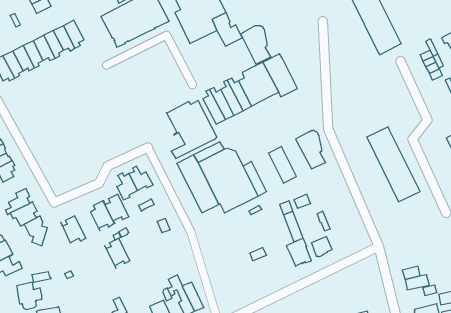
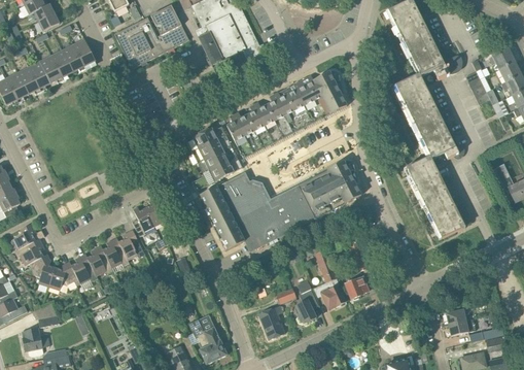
building: [241,26,271,64] -> [314,71,347,113]
building: none -> [395,73,460,159]
building: none -> [313,169,346,210]
building: none -> [280,184,315,227]
building: none -> [49,261,80,290]
building: [105,238,130,268] -> [85,245,113,278]
building: none -> [296,279,317,323]
building: none -> [258,305,285,339]

